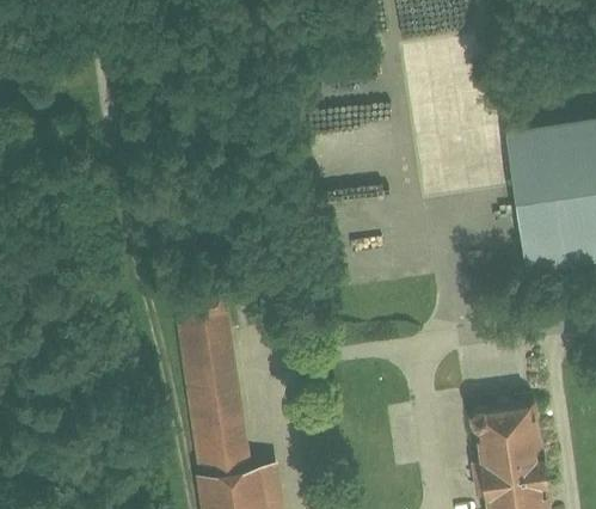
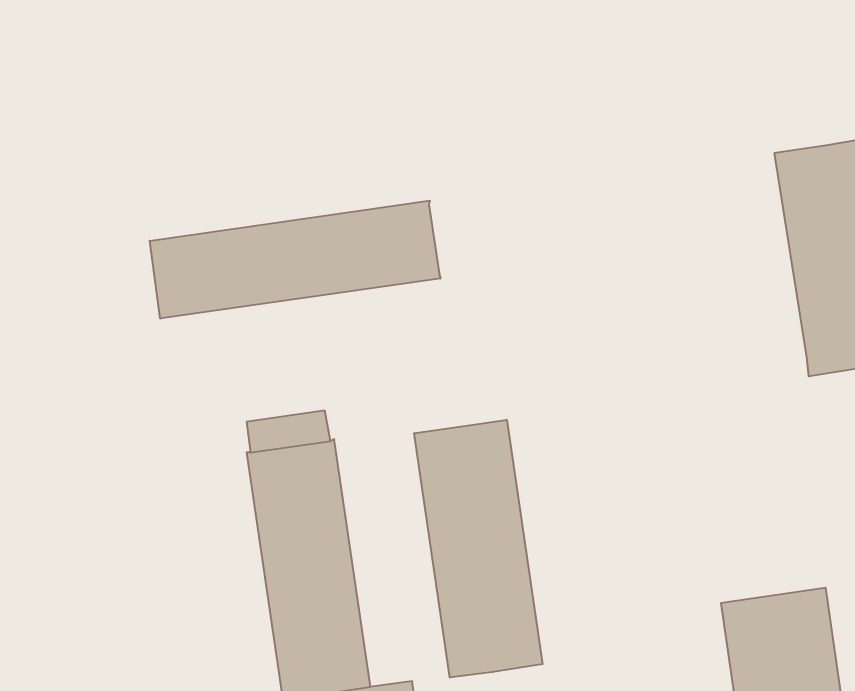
building: none -> [150,201,440,319]
building: none -> [414,420,542,678]

